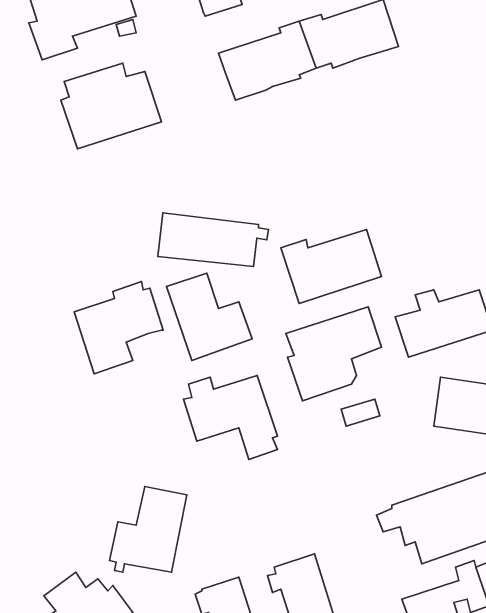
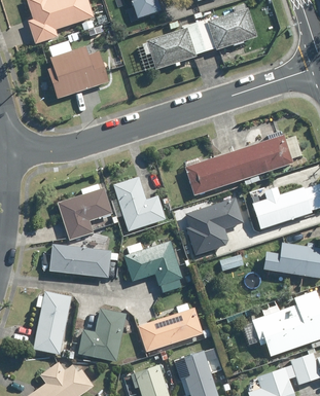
building: none -> [236,131,294,179]
building: [158,213,269,267] -> [50,244,118,277]
building: none -> [32,291,71,355]
building: none -> [139,302,204,352]

